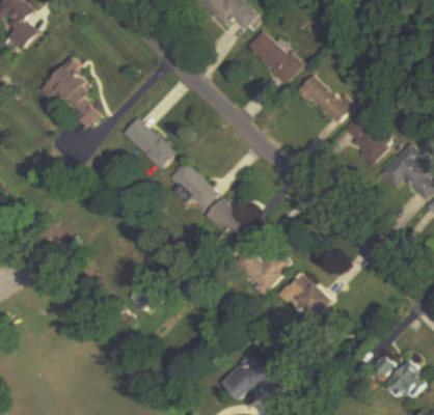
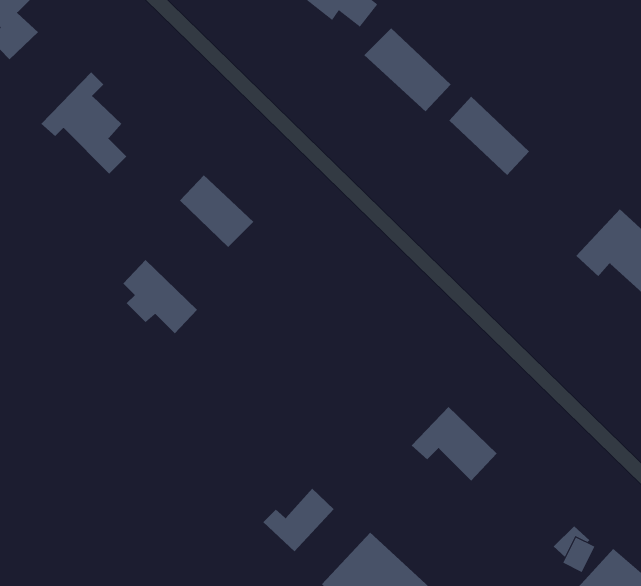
building: [341,113,390,163] -> none
building: [168,162,216,210] -> [123,259,198,334]
building: [202,197,251,253] -> none
building: [236,248,290,294] -> none
building: none -> [262,488,335,552]

